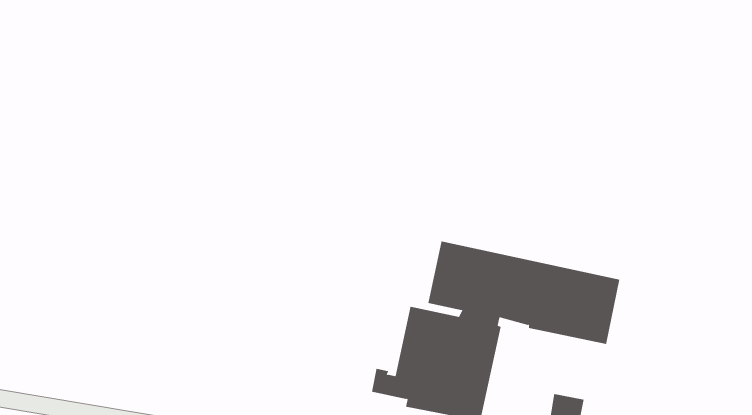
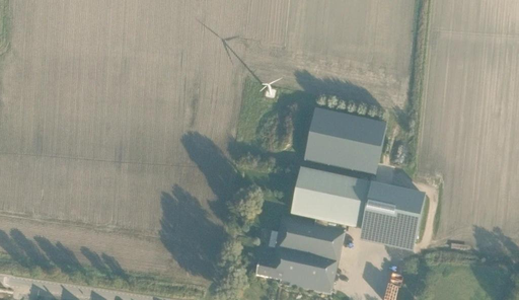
building: none -> [304,109,386,174]

